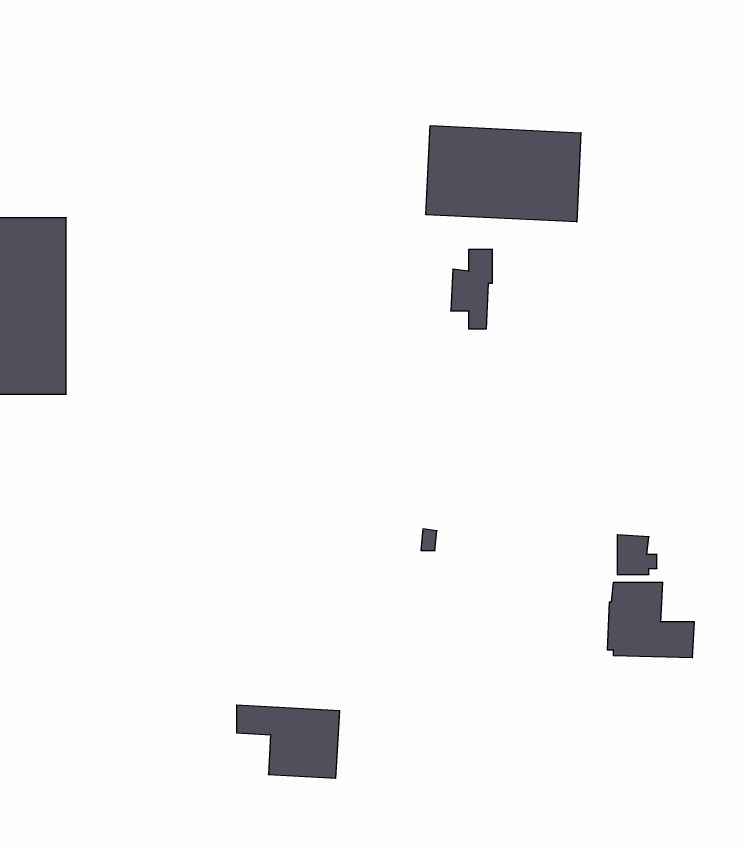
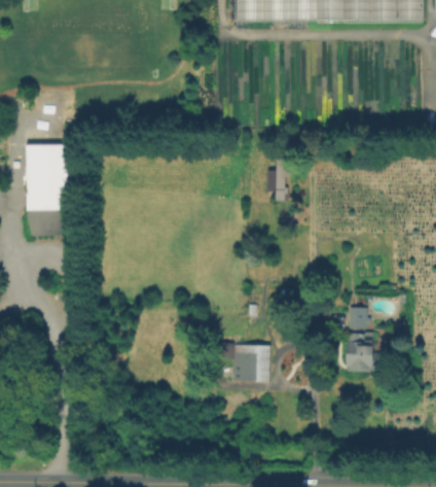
building: [426,126,581,222] -> none
building: [237,705,340,778] -> [218,342,271,380]

